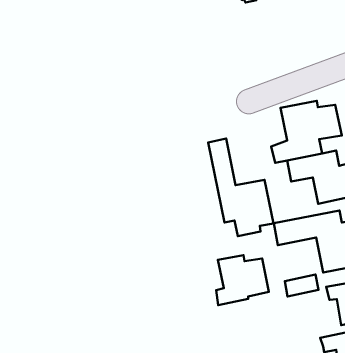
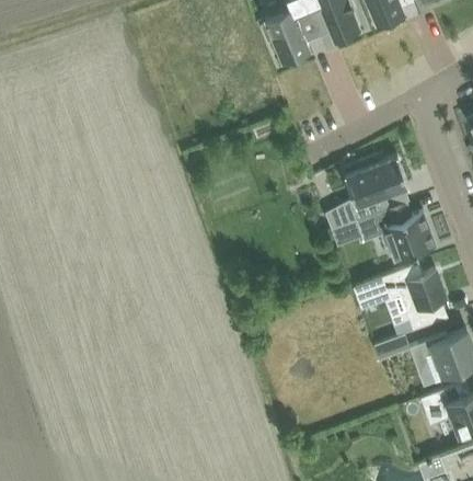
building: [208,138,274,236] -> none
building: [216,255,269,305] -> none

